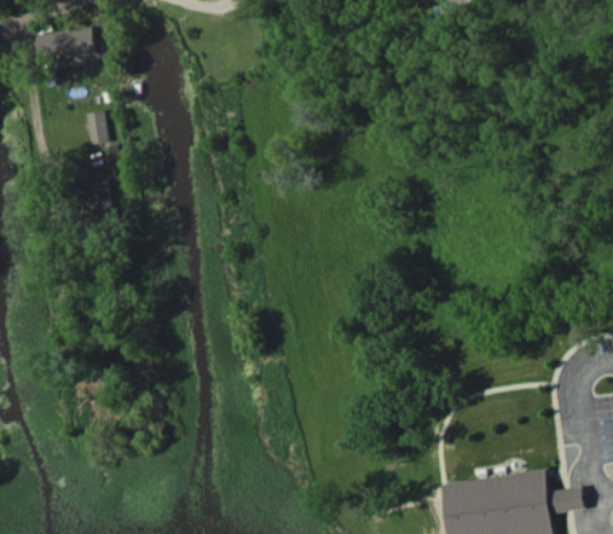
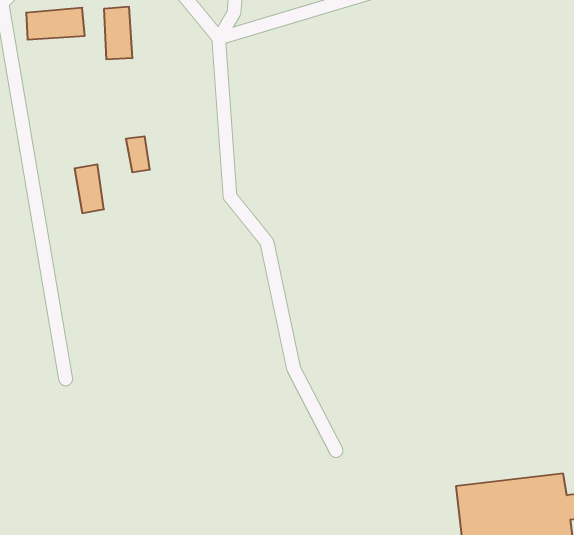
building: none -> [104,7,132,59]
building: [82,112,105,146] -> [126,136,150,172]

